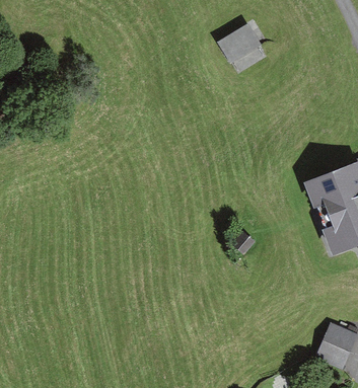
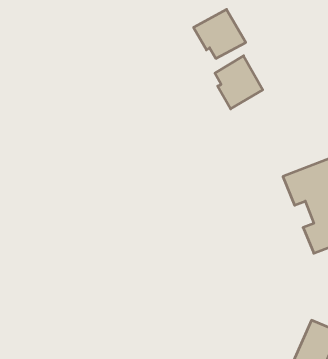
building: none -> [215,56,263,109]

